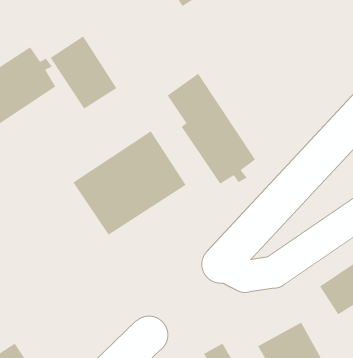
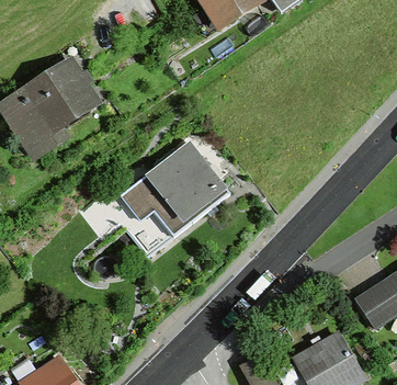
building: [50,35,117,109] -> none
building: [167,73,256,185] -> none

